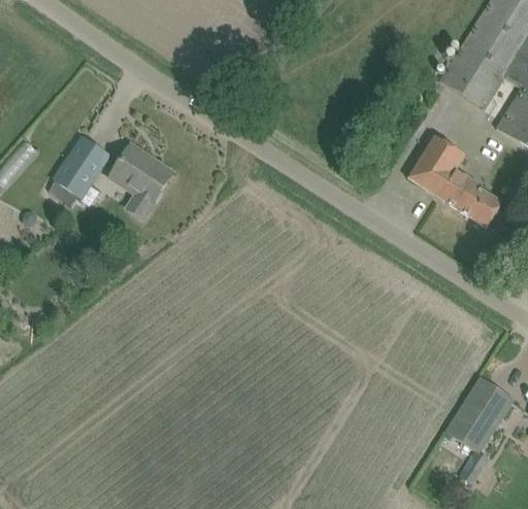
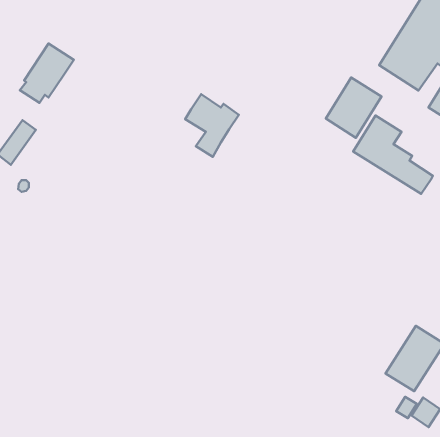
building: none -> [326,77,381,138]
building: [50,135,111,203] -> [20,44,74,103]
building: [111,147,173,219] -> [185,94,239,157]

